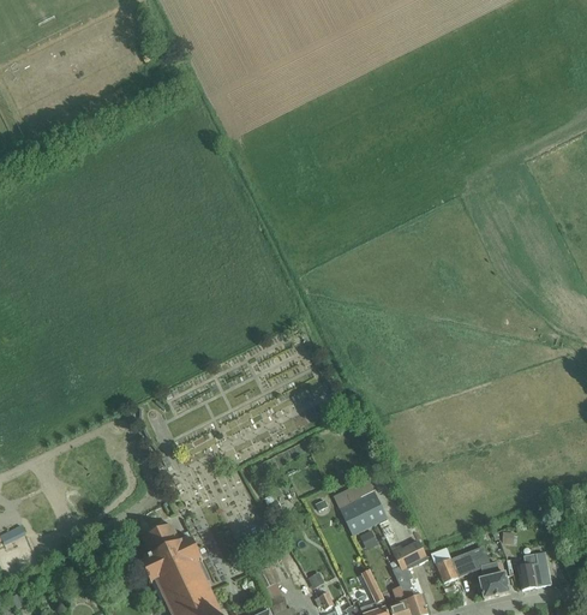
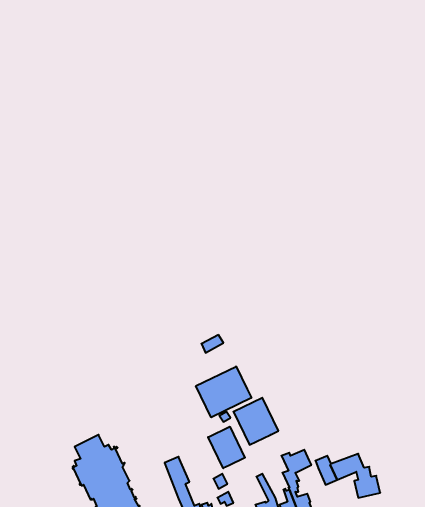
building: none -> [196,366,251,417]
building: none -> [208,427,245,468]
building: [517,553,551,591] -> none

